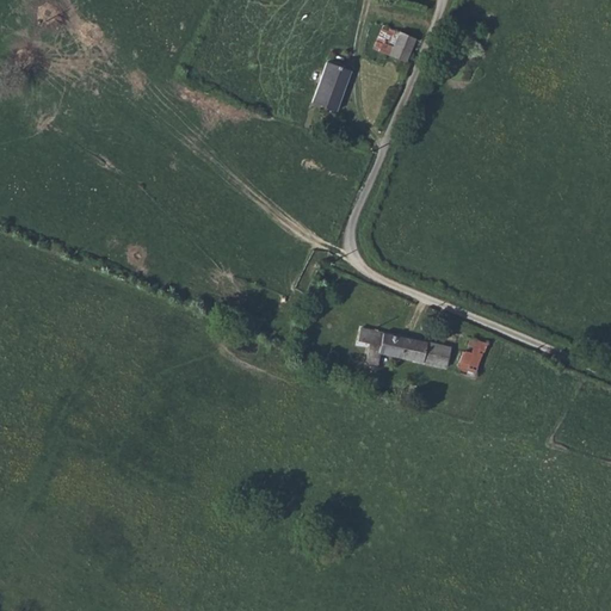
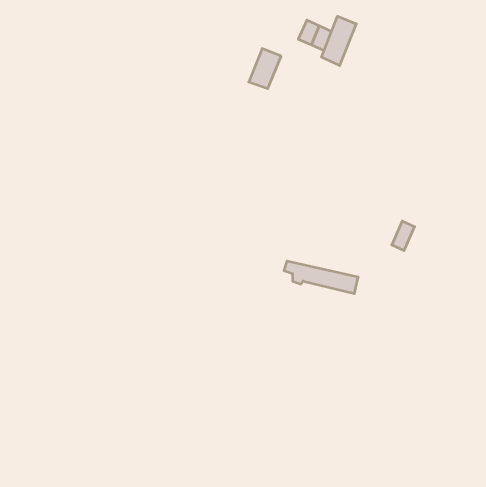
building: none -> [322,16,356,66]
building: [459,335,488,372] -> [392,221,415,251]

